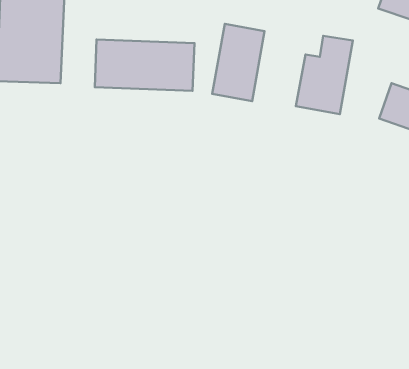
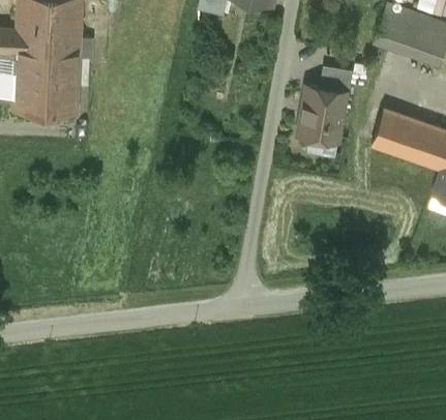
building: [212,24,265,101] -> none
building: [95,40,195,91] -> none

